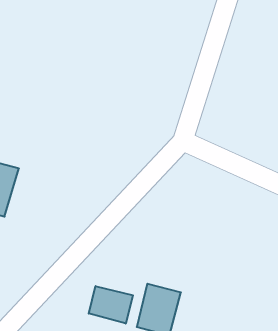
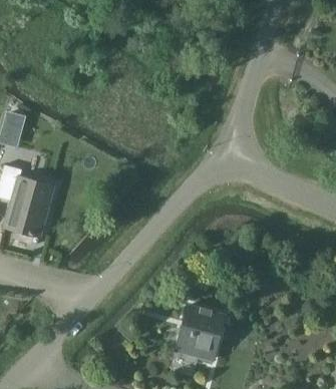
building: [89,286,133,324] -> none

